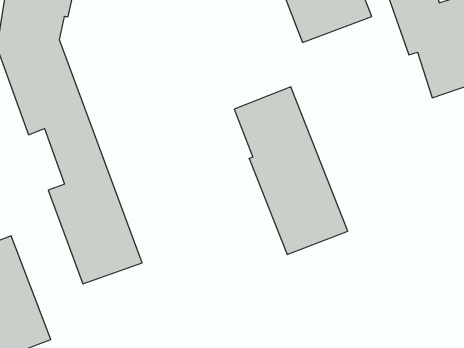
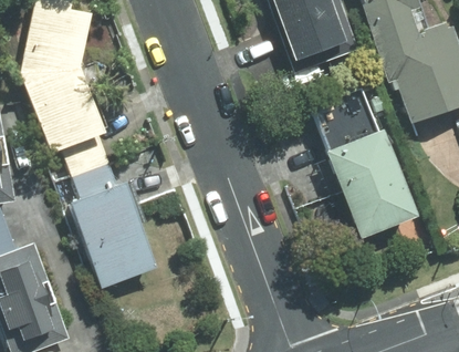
building: [234,87,348,254] -> [311,87,413,238]

